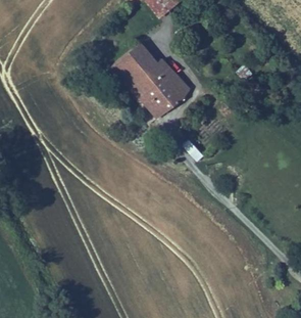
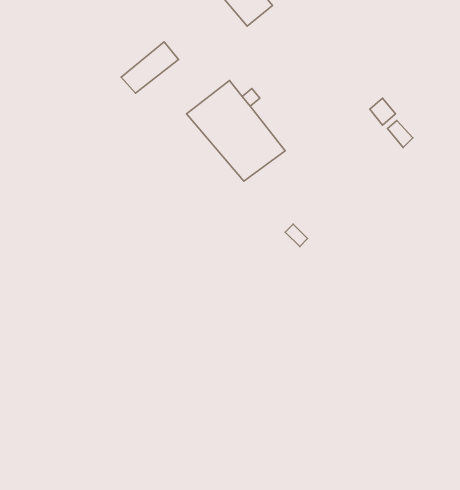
building: [113,41,150,74] -> [121,42,179,93]

